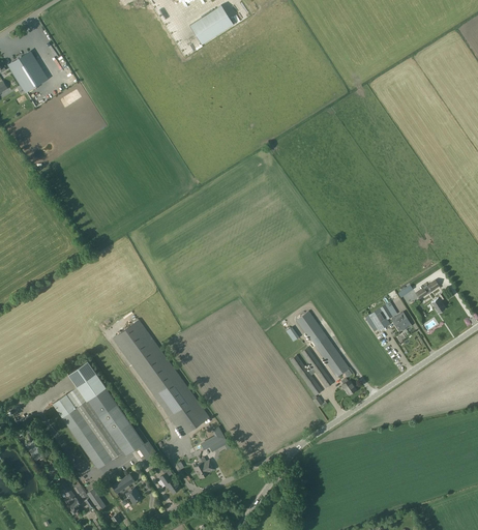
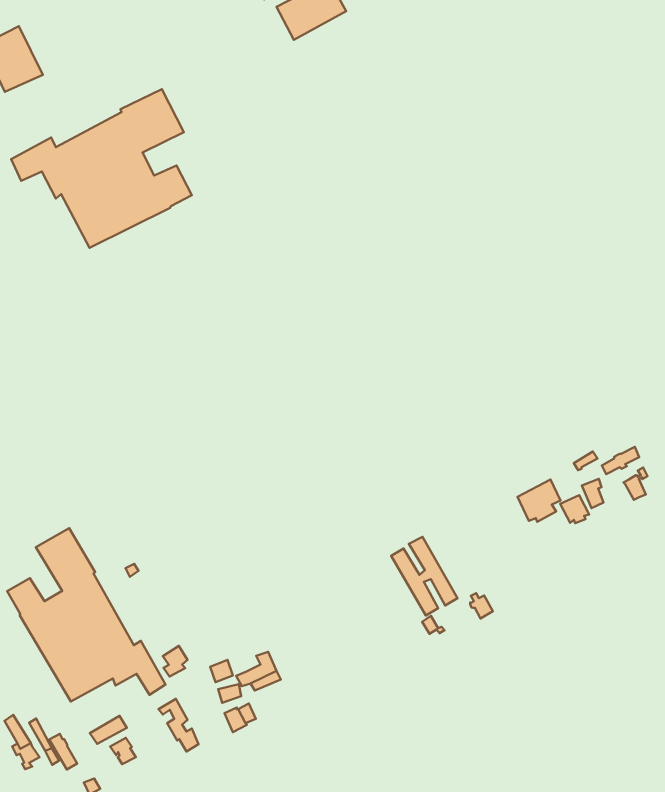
building: none -> [11,89,192,248]
building: [293,308,350,378] -> none
building: [113,320,209,436] -> none

